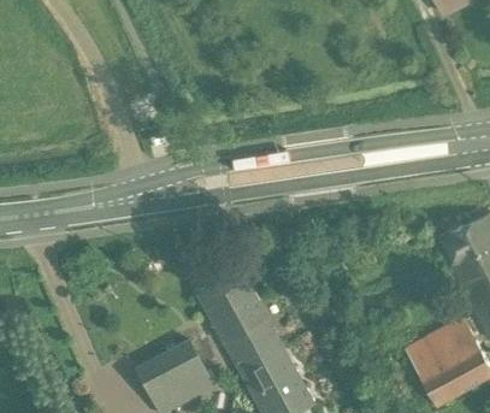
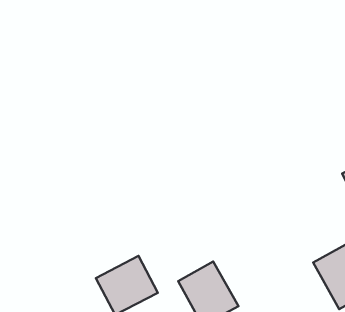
building: [197,271,282,371] -> none

